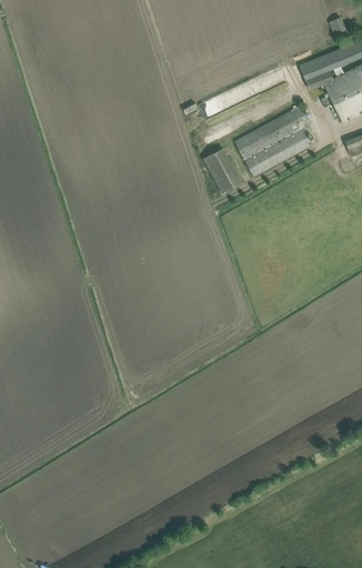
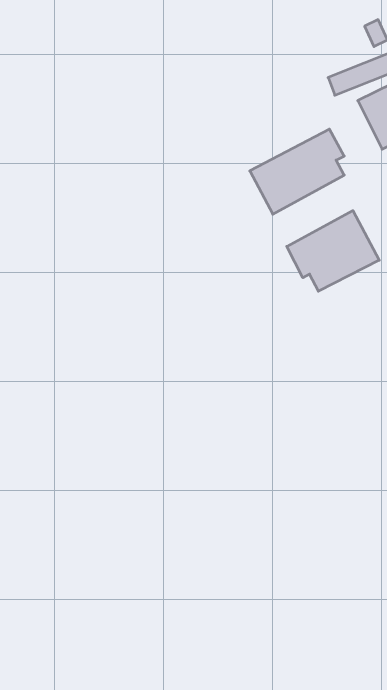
building: [201,146,239,192] -> none
building: none -> [287,211,379,291]

